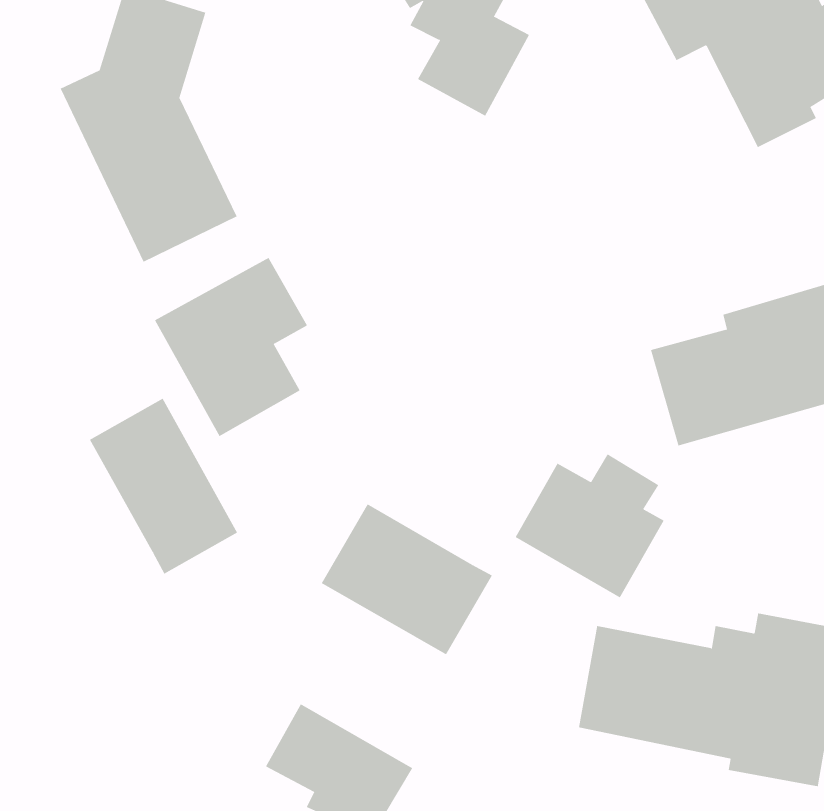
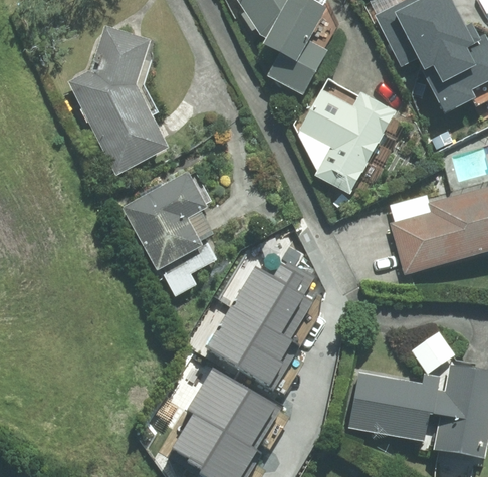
building: none -> [297,90,393,195]
building: [89,398,238,575] -> none
building: [515,454,665,598] -> [236,260,317,338]
building: none -> [188,363,286,449]

